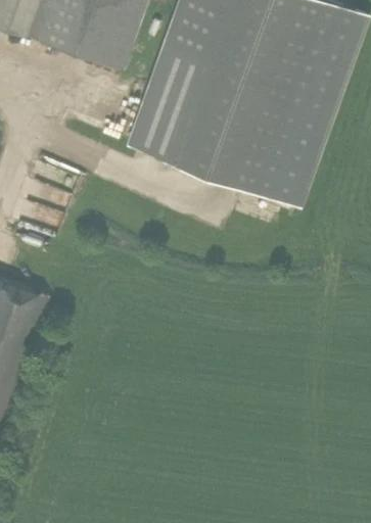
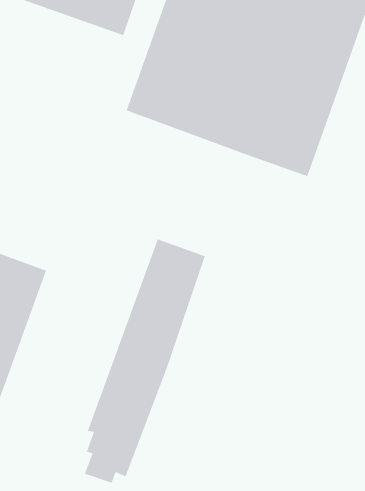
building: none -> [84,238,205,483]

